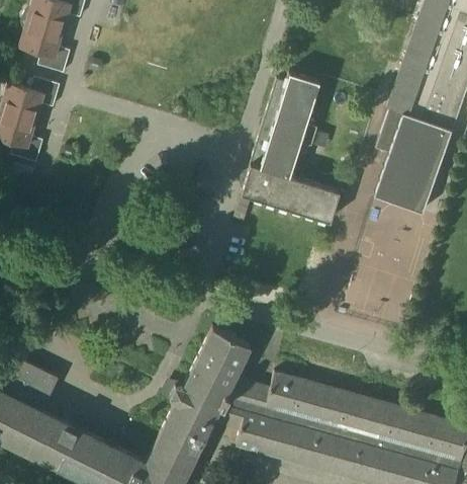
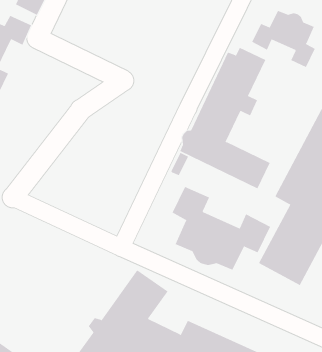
building: none -> [251,10,316,68]
building: none -> [172,186,271,270]

